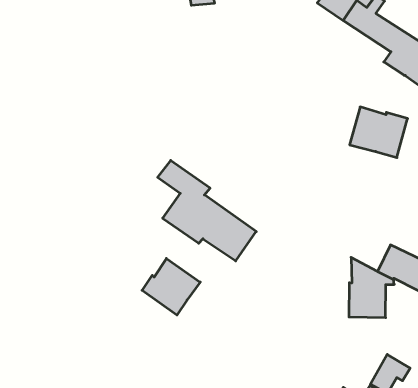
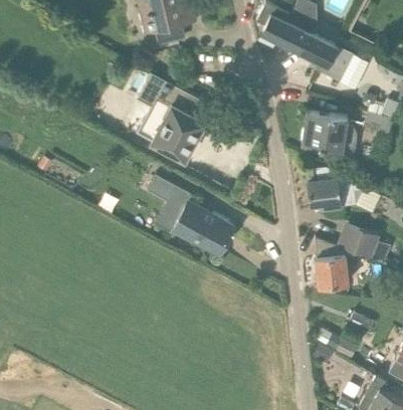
building: none -> [137,75,206,162]
building: none -> [307,164,354,211]
building: [142,258,200,315] -> none

